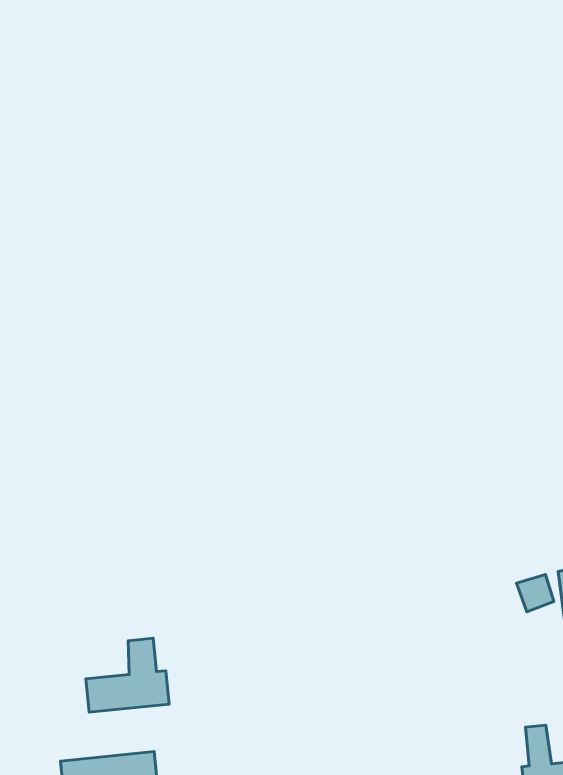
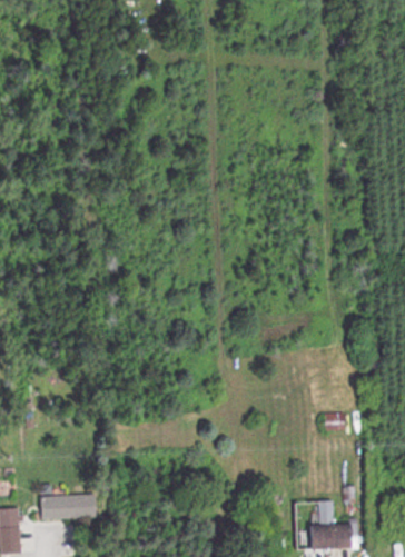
building: [86,638,169,712] -> none

